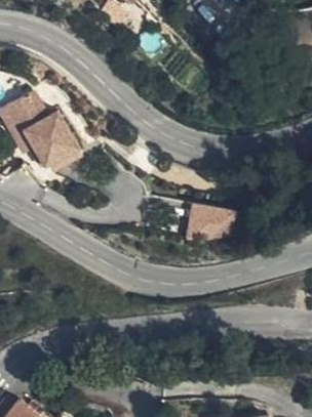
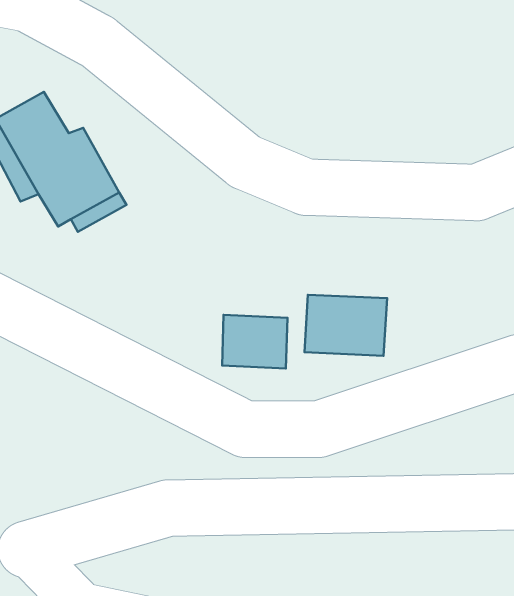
building: none -> [222,315,287,368]

